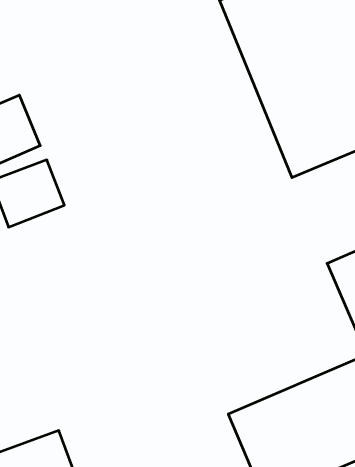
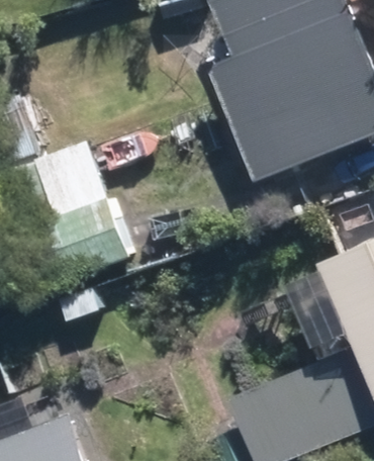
building: none -> [22,190,139,281]

